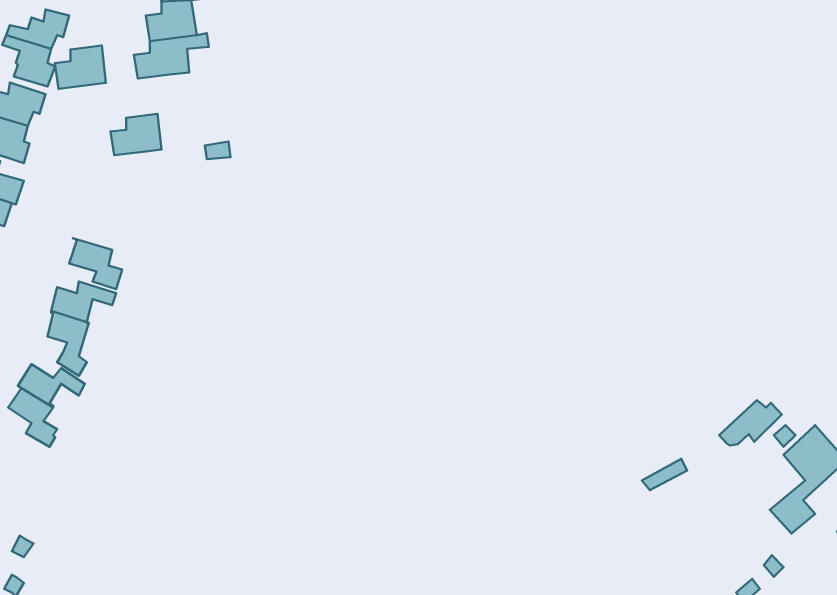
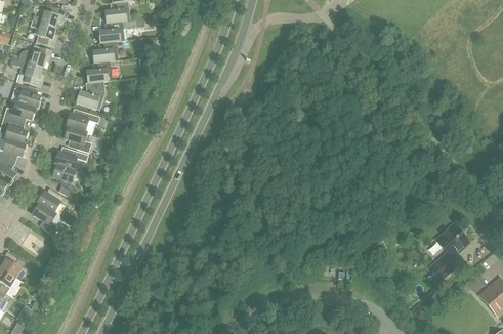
building: [55,45,106,89] -> [91,40,118,62]
building: none -> [75,80,104,109]
building: none -> [66,110,104,131]
building: [719,400,782,445] -> none

